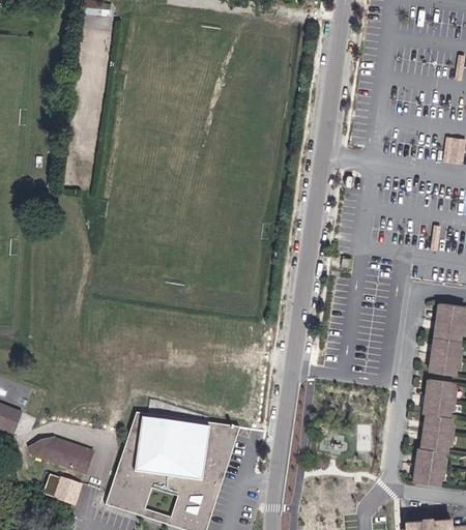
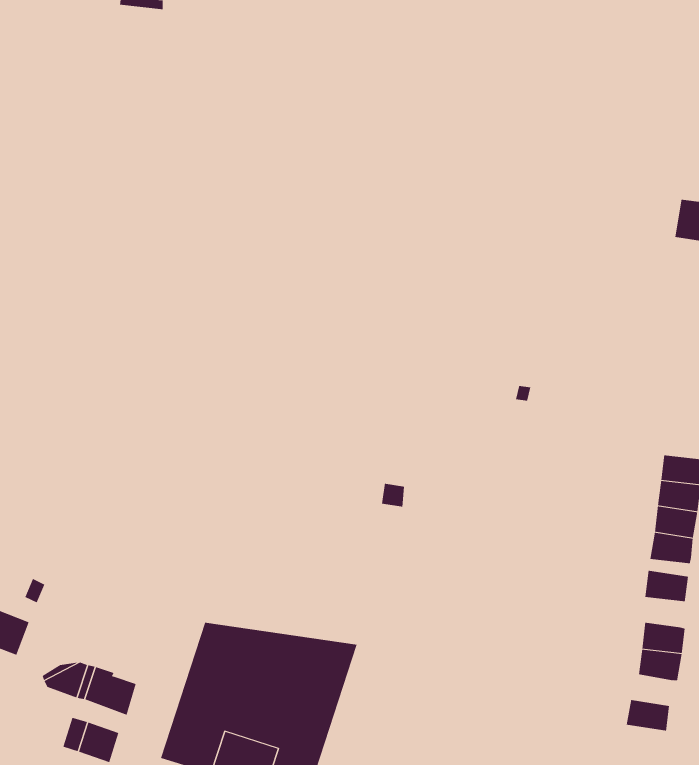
building: [424,396,453,416] -> none
building: [416,447,444,468] -> none

